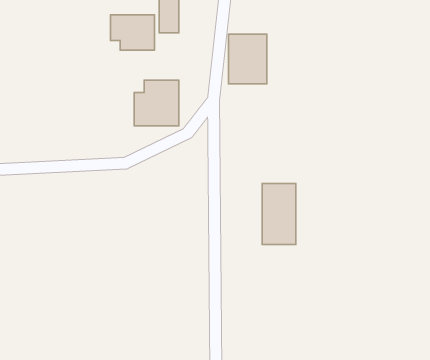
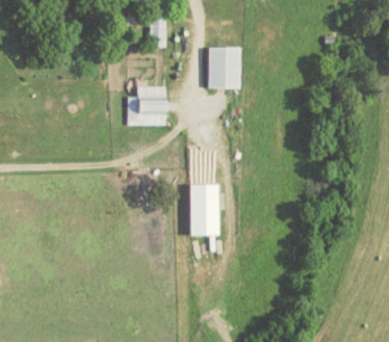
building: [111,15,154,50] -> none
building: [262,184,296,244] -> [189,185,217,236]

